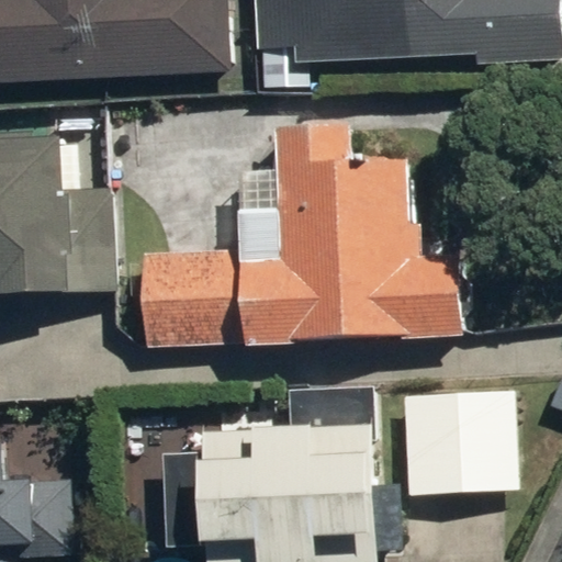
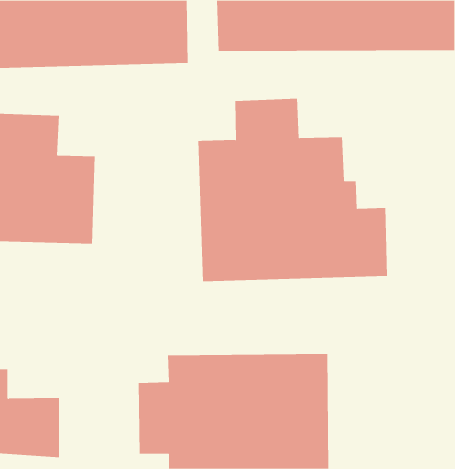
building: [139,241,231,347] -> none
building: [405,391,503,492] -> none

